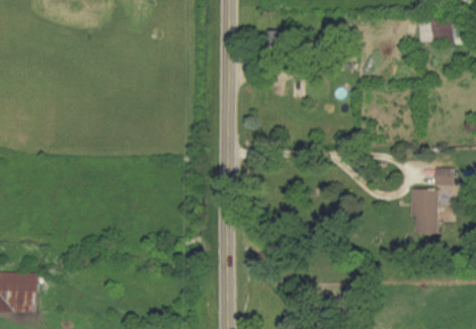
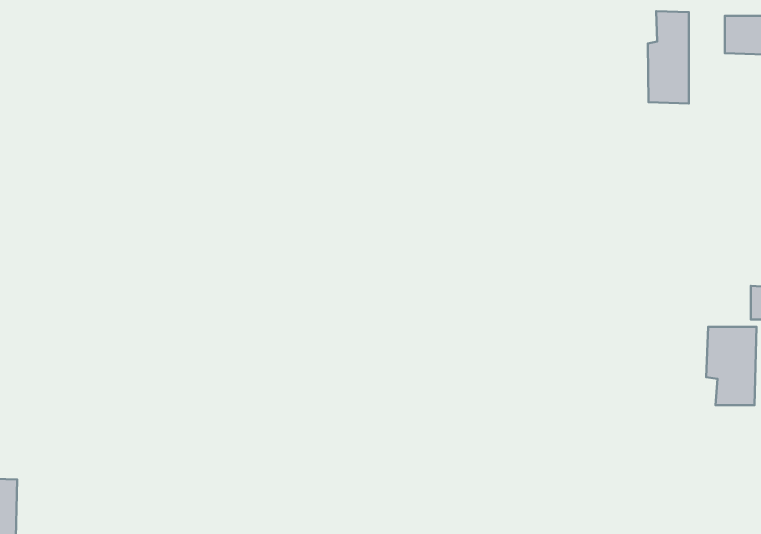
building: none -> [648,11,689,104]

